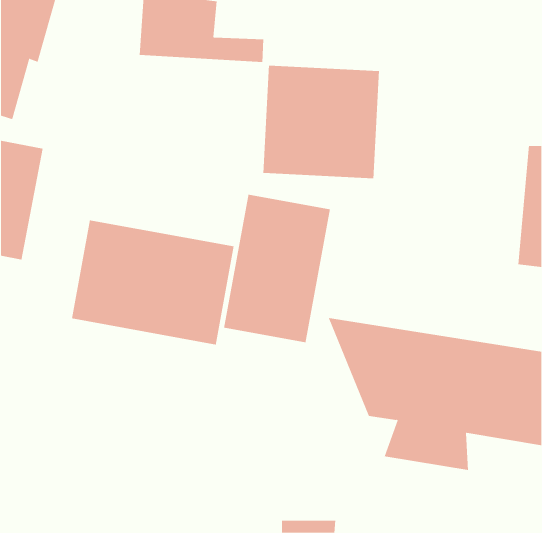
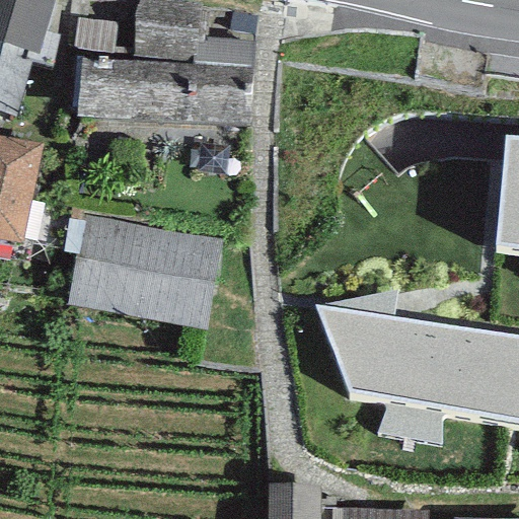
building: none -> [79,58,252,126]
building: [263,65,379,179] -> none
building: [224,194,330,343] -> none

